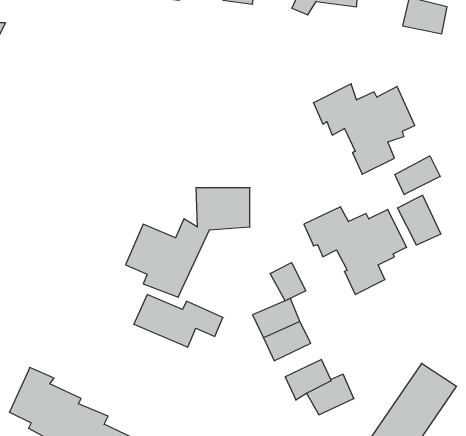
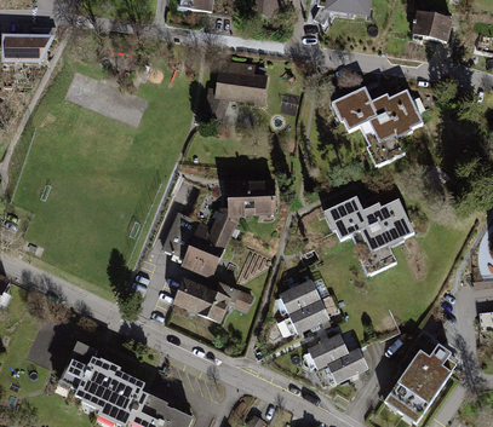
building: none -> [200,59,266,121]
building: [395,156,440,195] -> none
building: [397,195,441,245] -> none
building: [270,263,306,301] -> none

